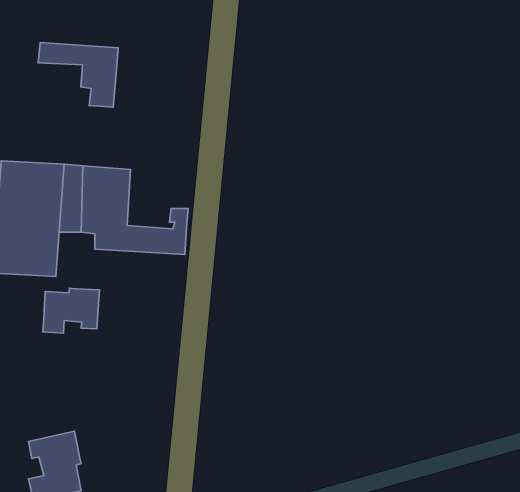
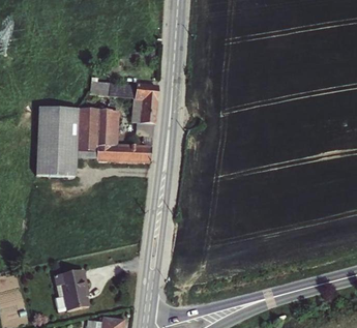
building: [38,43,118,107] -> [108,85,156,124]
building: [43,288,99,333] -> none

